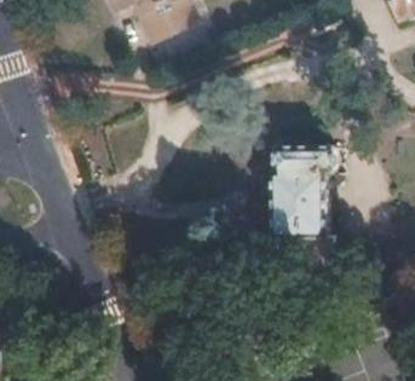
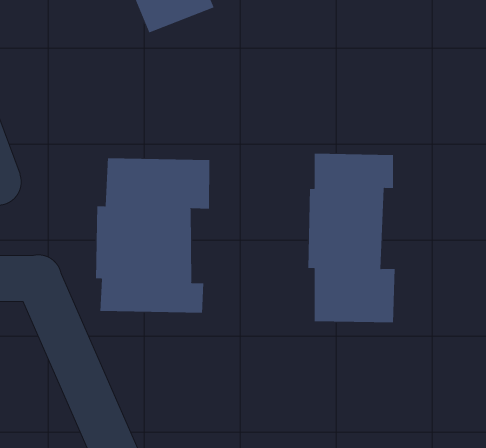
building: none -> [95,157,210,314]

